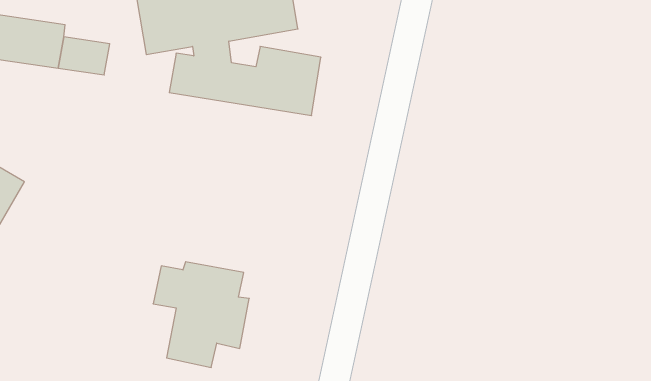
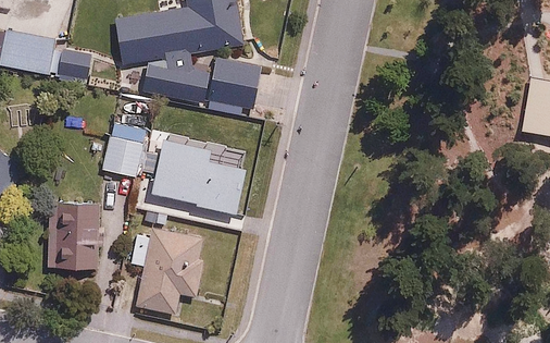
building: none -> [149,135,248,213]
building: none -> [99,136,140,177]
building: none -> [47,197,98,270]

